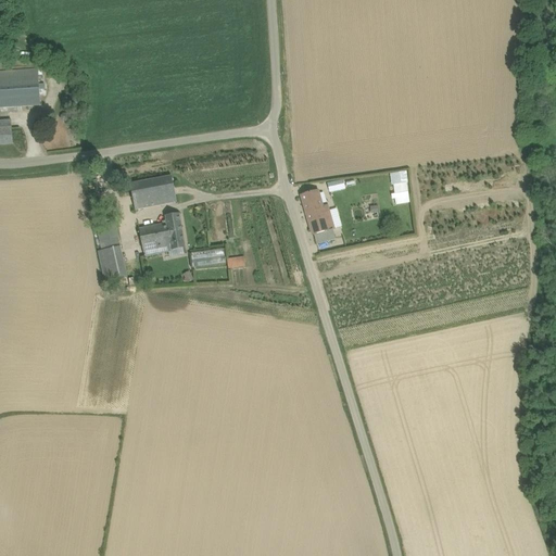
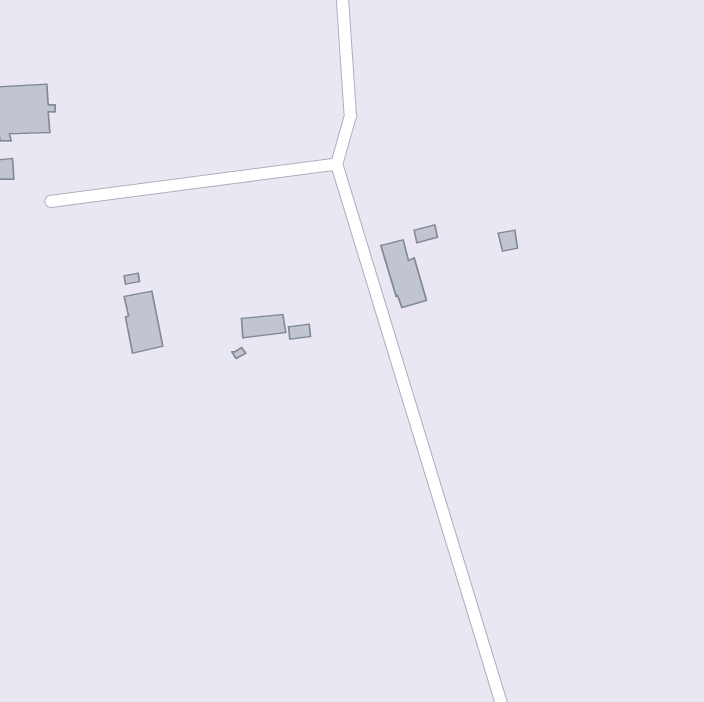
building: [129,175,176,208] -> none
building: [138,213,184,255] -> none

